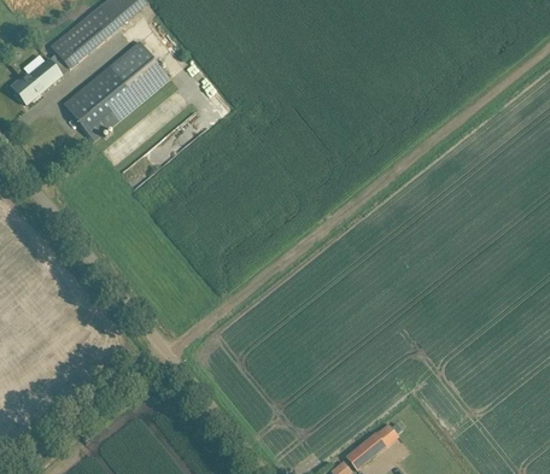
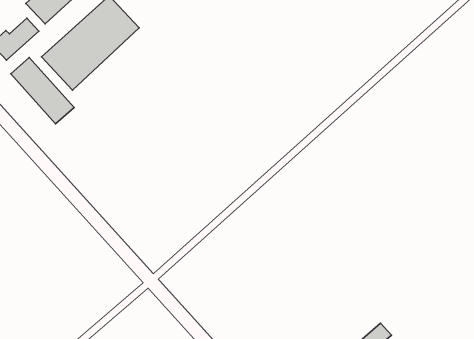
building: none -> [11,57,74,124]

